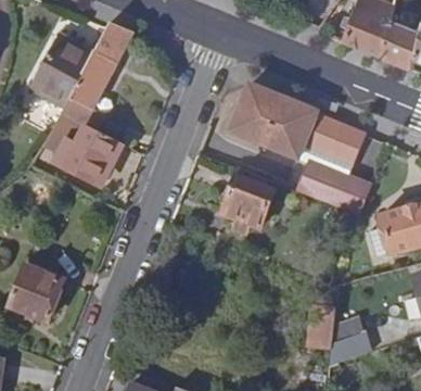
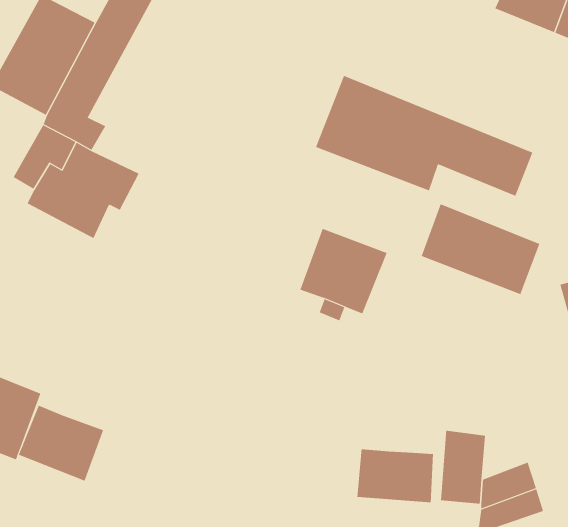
building: none -> [18,405,104,481]
building: none -> [357,448,434,503]

